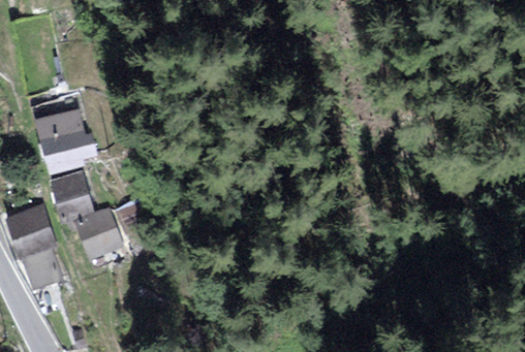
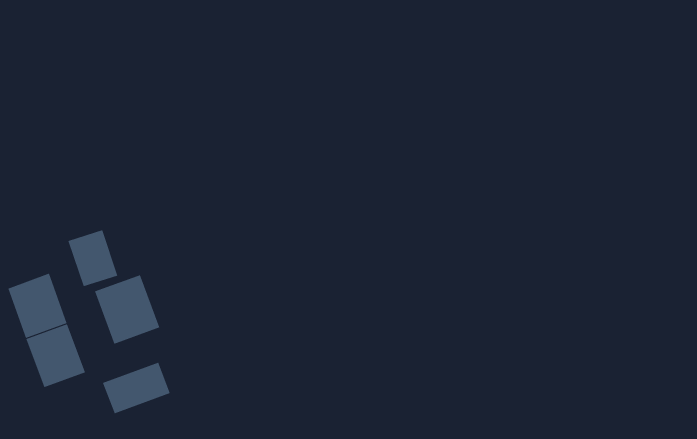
building: [34,113,81,173] -> none
building: none -> [102,362,171,414]

